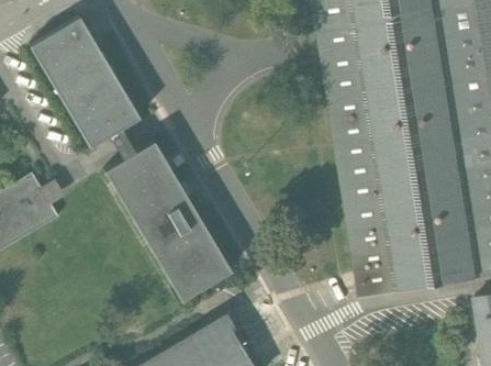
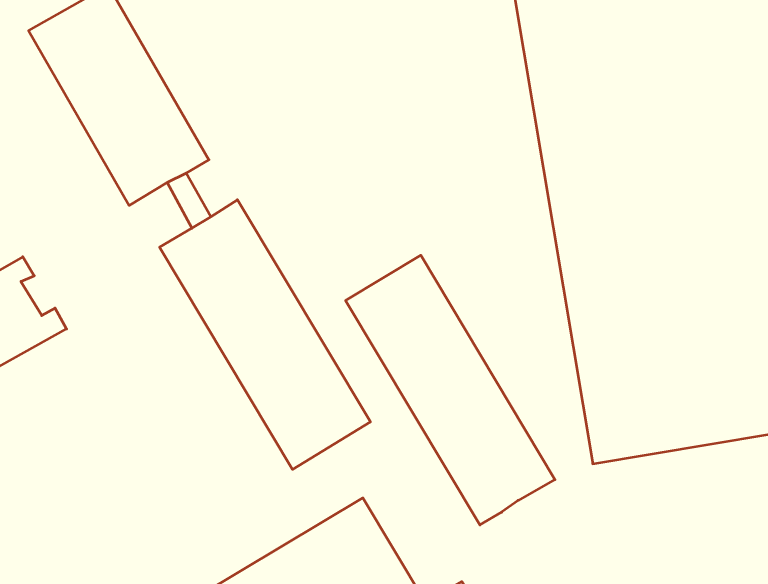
building: none -> [346,255,555,525]

